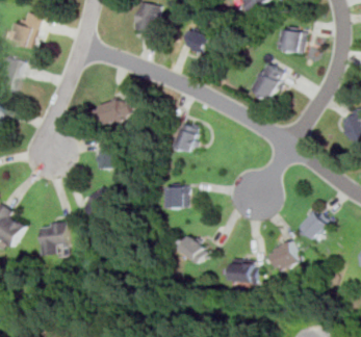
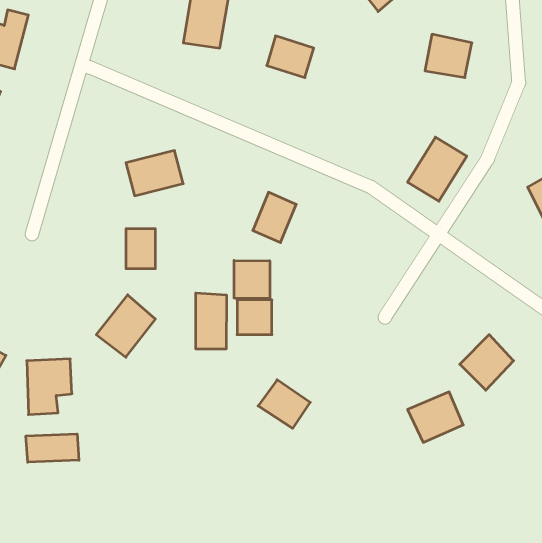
building: [250,62,285,101] -> [408,137,467,201]
building: none -> [234,260,270,298]
building: none -> [196,293,226,349]
building: [229,260,255,282] -> none
building: none -> [26,434,79,462]

